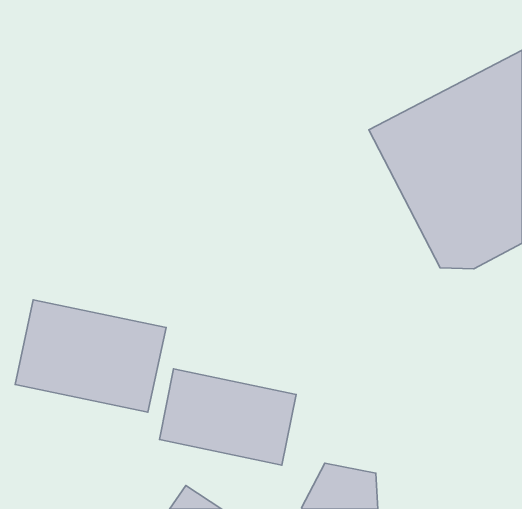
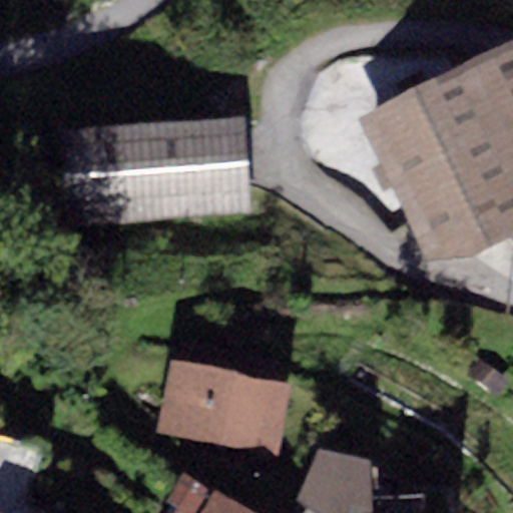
building: none -> [62,118,253,219]
building: [15,300,166,412] -> none

